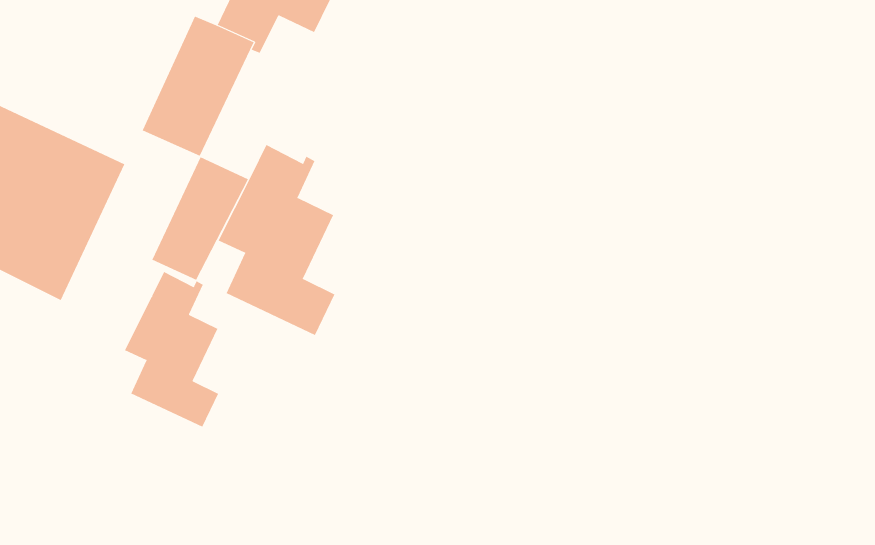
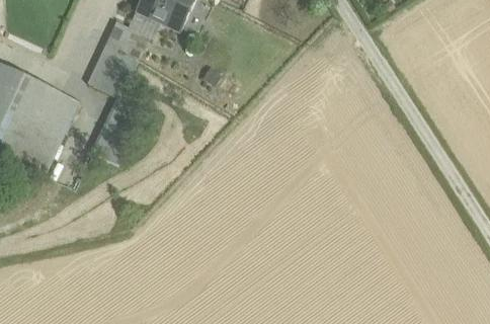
building: [218,144,335,336] -> none
building: [124,271,219,428] -> none

